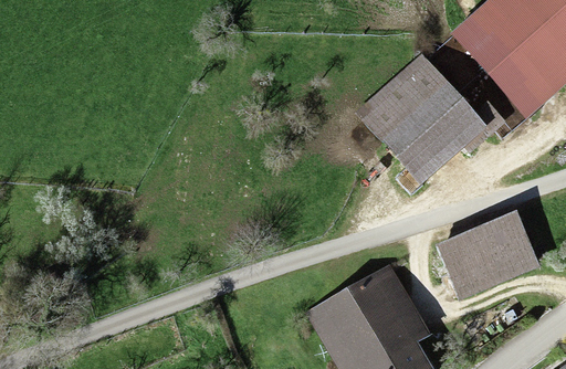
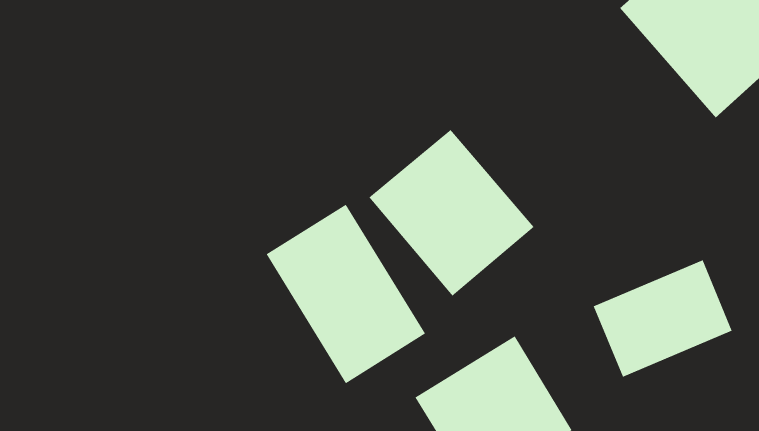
building: [361,61,480,180] -> [368,129,535,297]
building: none -> [266,204,426,384]

